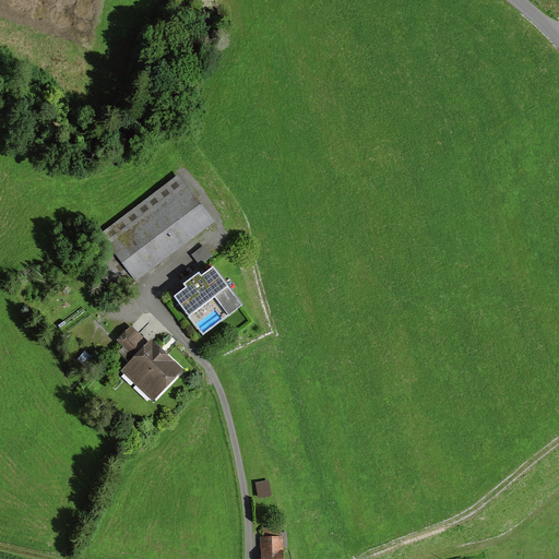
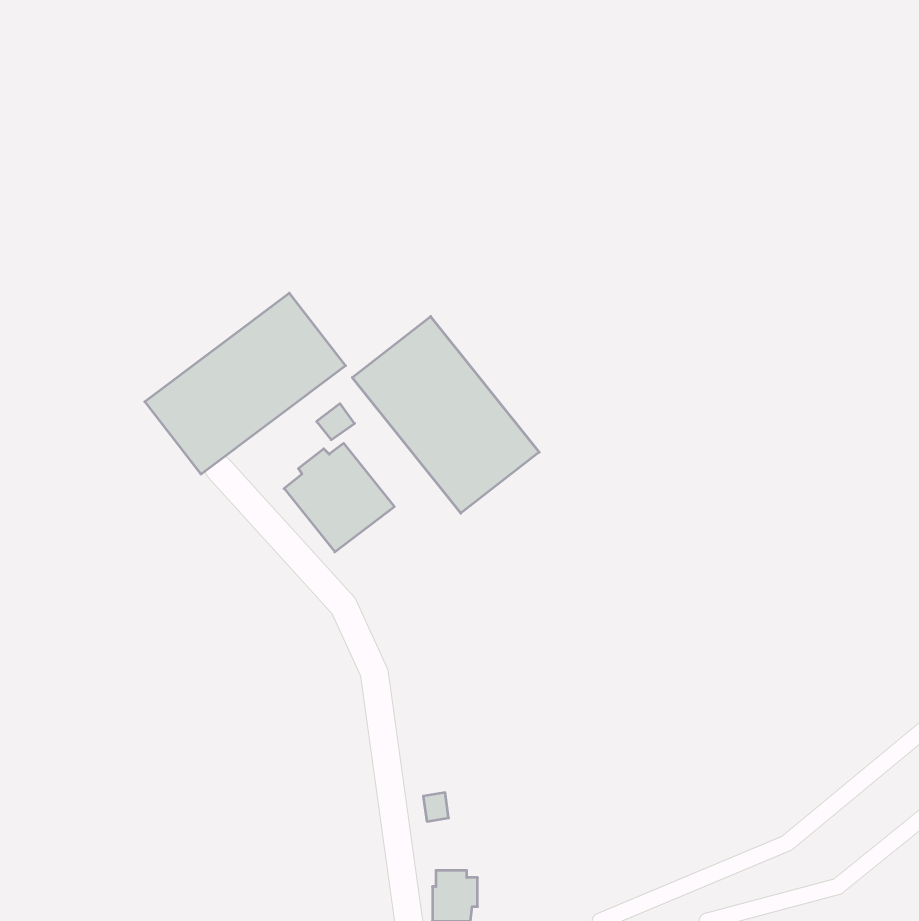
building: none -> [352,316,539,513]
building: [121,326,180,396] -> none

